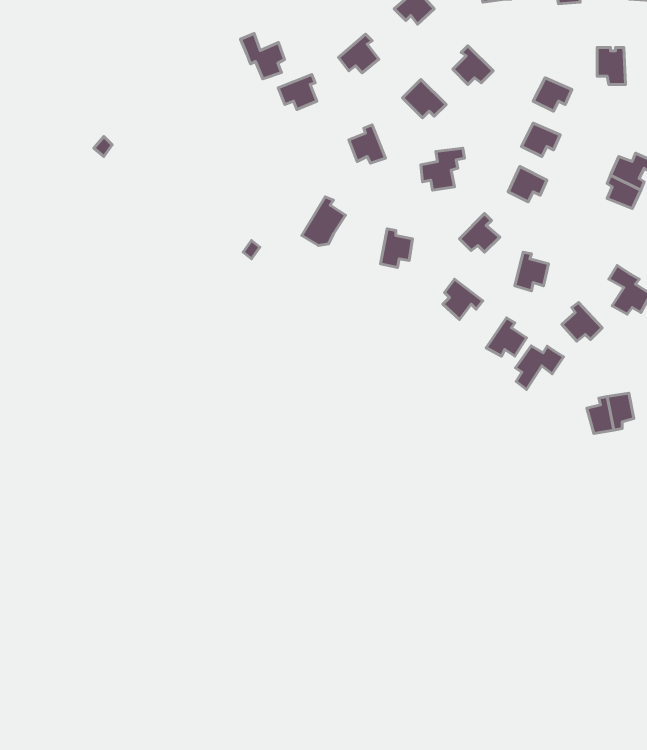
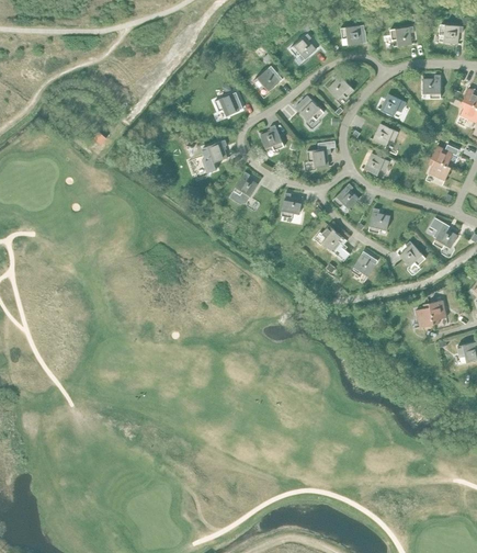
building: [241,34,285,79] -> none
building: none -> [202,139,227,173]
building: [516,346,563,389] -> none

